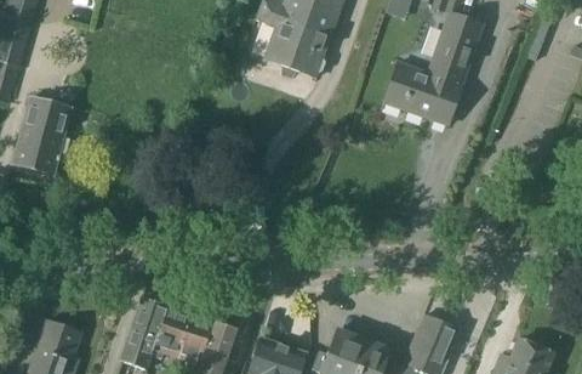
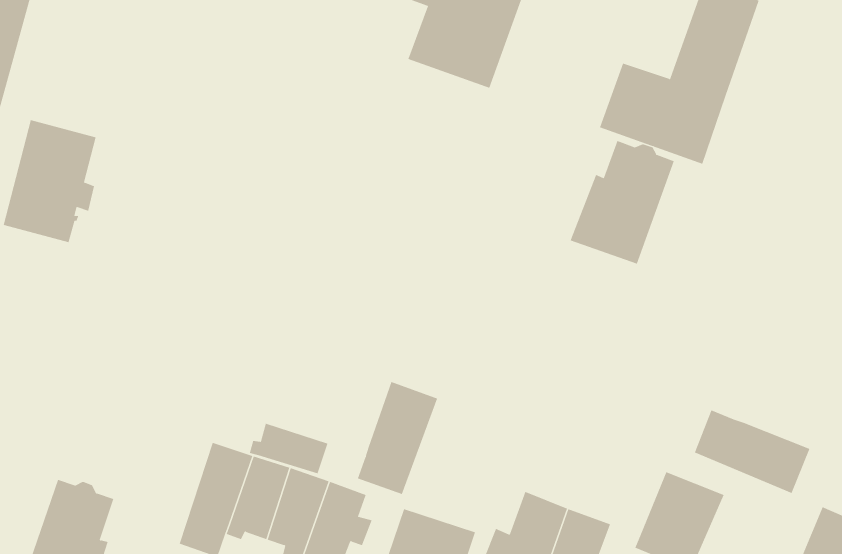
building: none -> [570,140,674,264]
building: none -> [357,381,438,495]
building: none -> [694,409,810,494]
building: none -> [249,423,328,474]

